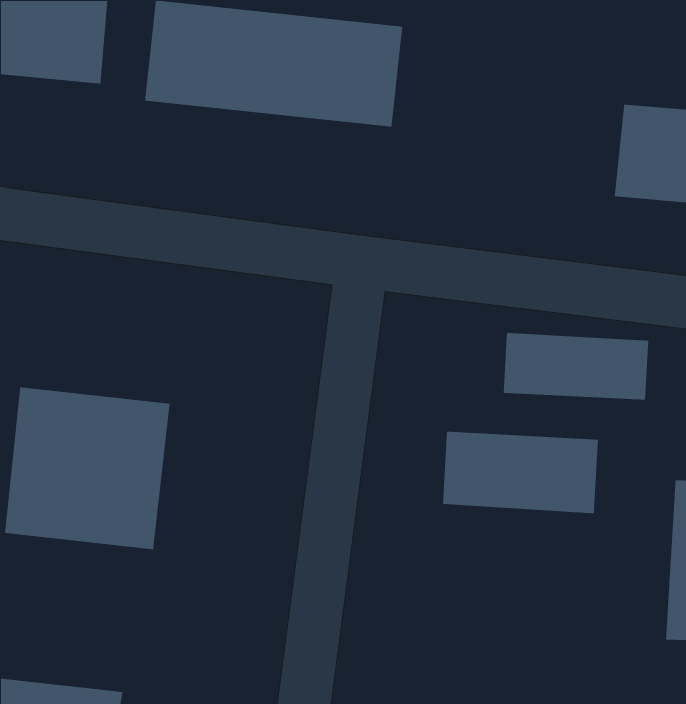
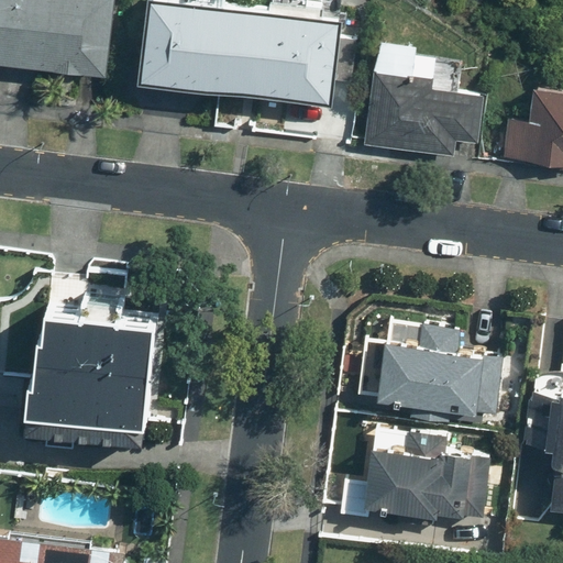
building: none -> [353,66,470,152]
building: [503,332,649,401] -> none
building: none -> [363,454,477,518]

